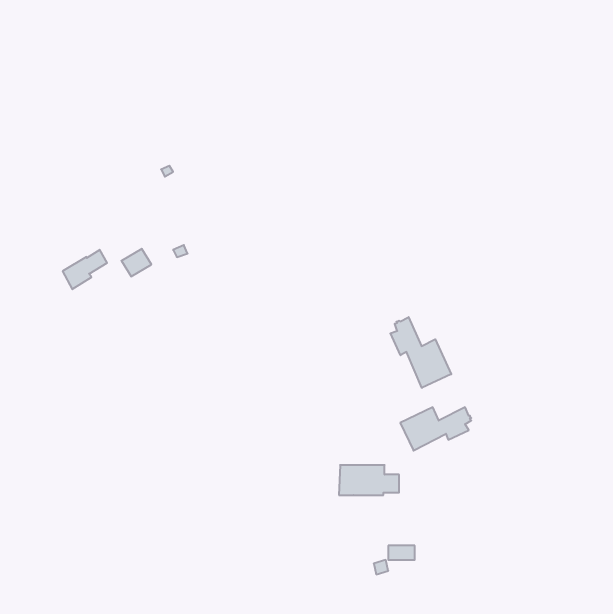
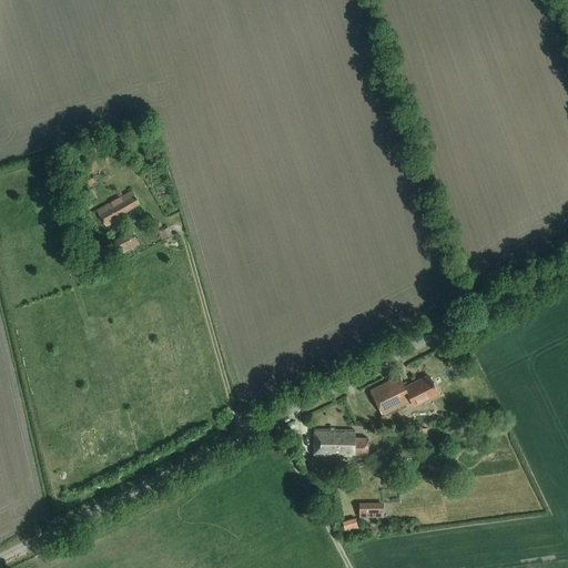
building: [63,250,107,289] -> [95,191,136,227]
building: [390,317,451,388] -> none

